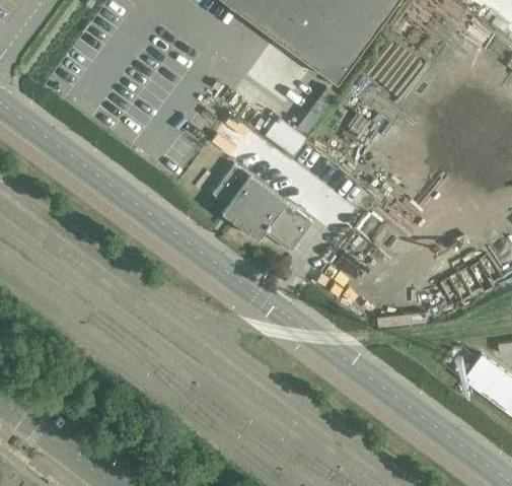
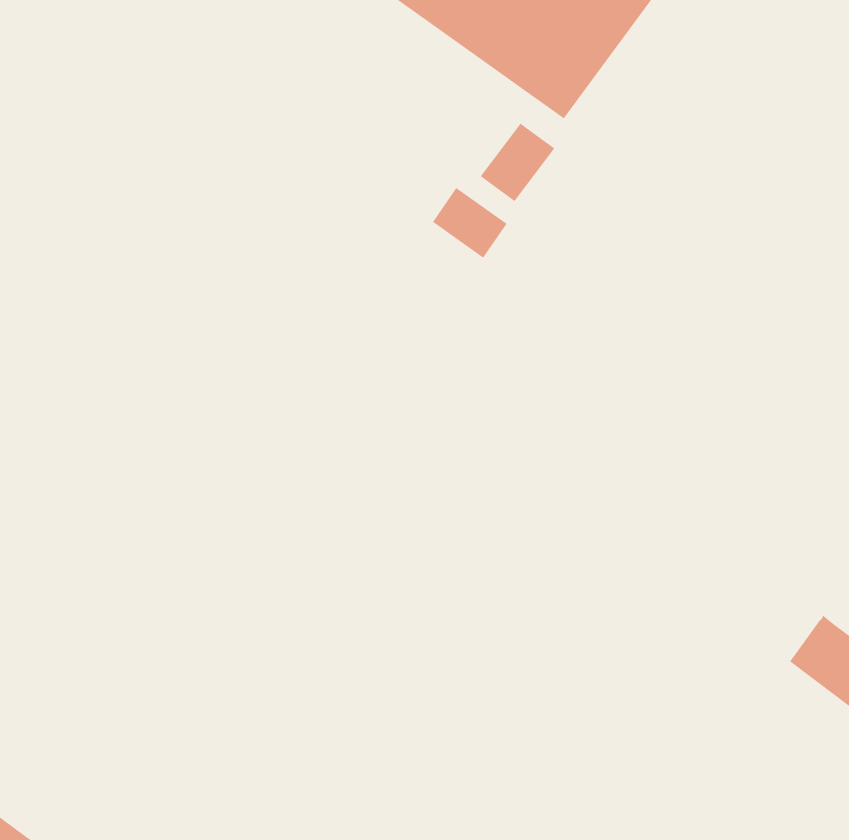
building: [211,164,311,253] -> none

